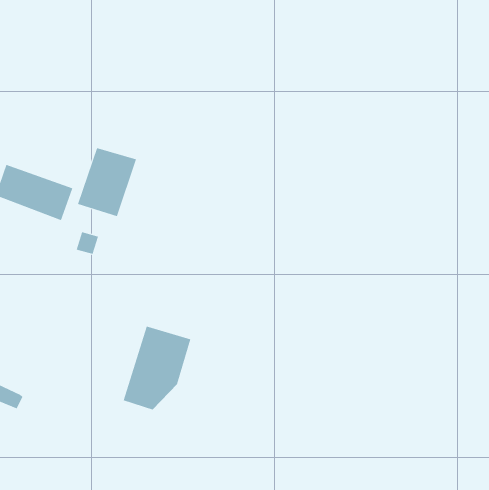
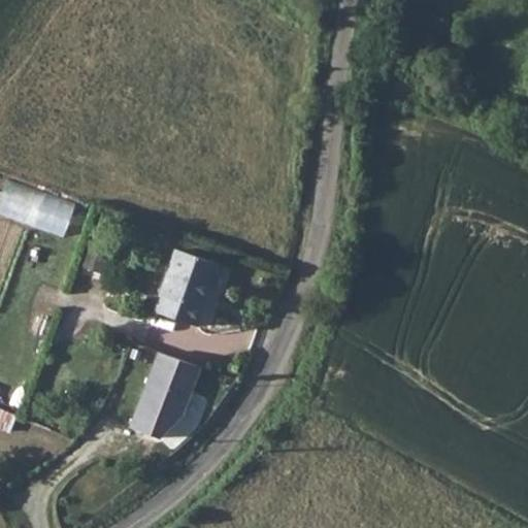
building: [77,148,137,217] -> [152,253,216,327]

